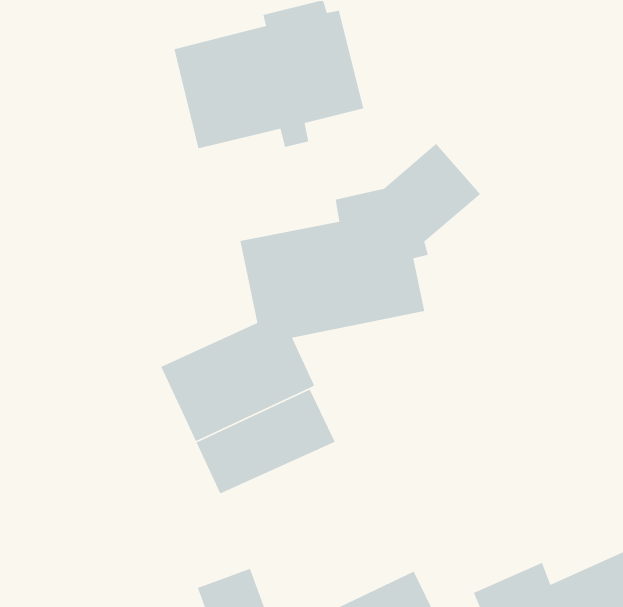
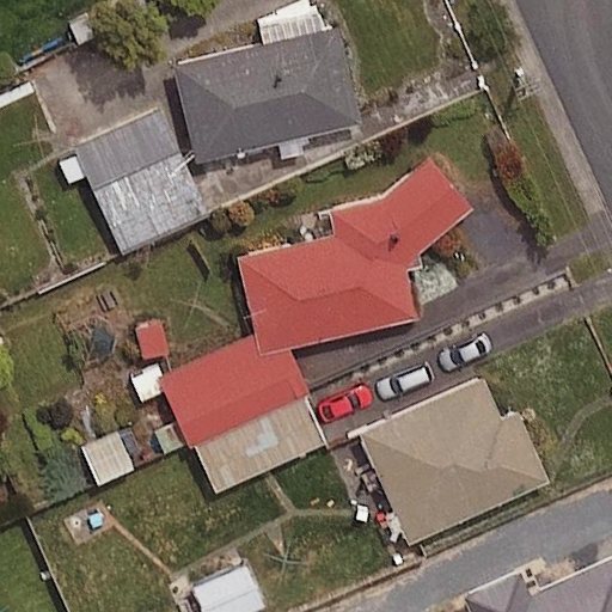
building: none -> [54,109,208,258]
building: none -> [360,379,546,543]

